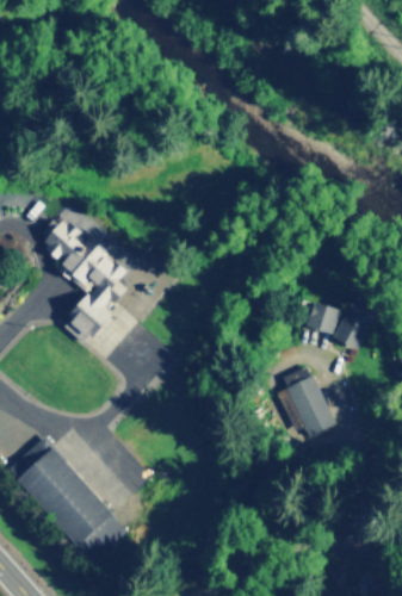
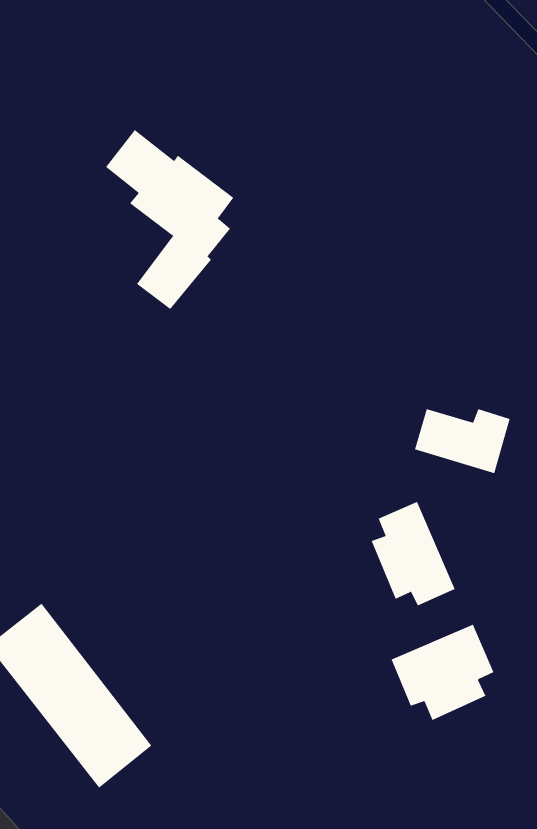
building: [41,219,130,344] -> [105,129,234,310]
building: none -> [391,624,494,721]

